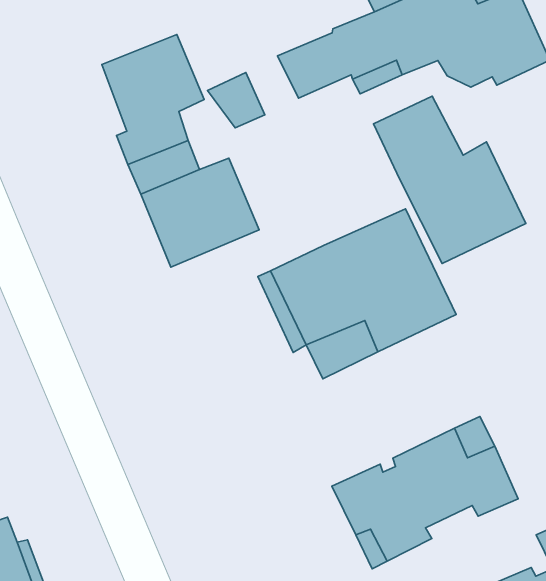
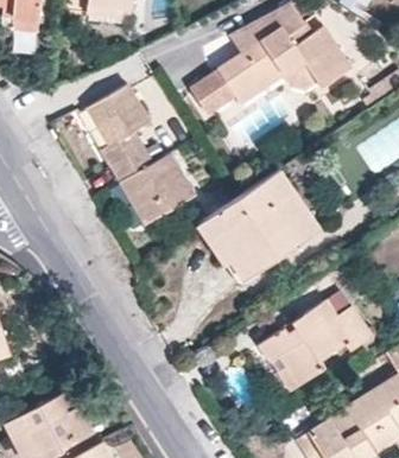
building: [373,96,526,264] -> none

